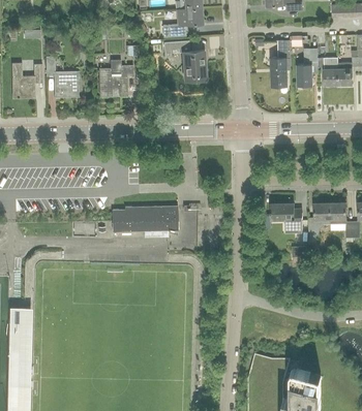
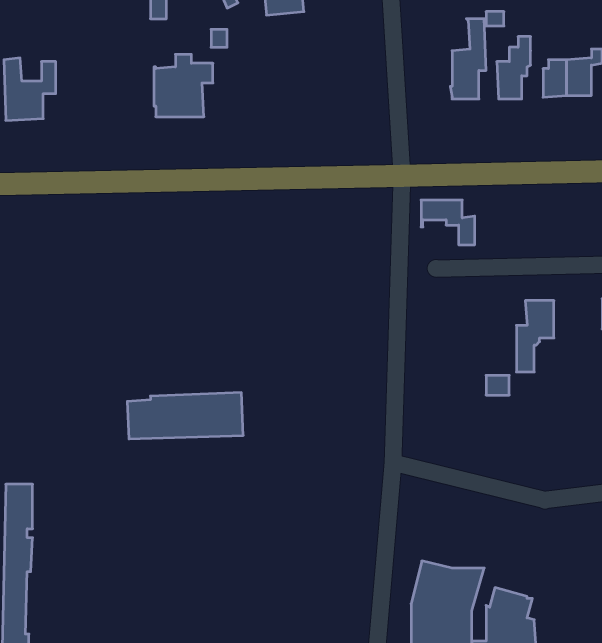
building: [163,40,206,80] -> none
building: [46,56,78,97] -> none
building: [330,202,352,236] -> none
building: [270,203,301,229] -> [421,200,475,245]
building: [111,204,178,231] -> [127,393,243,439]

